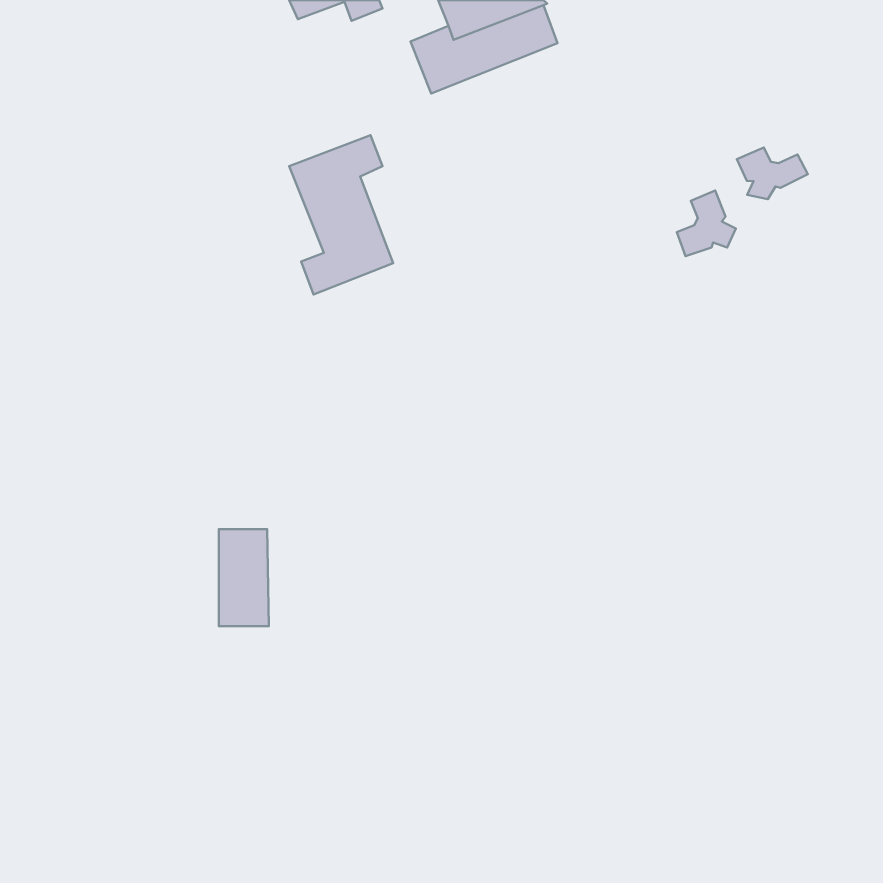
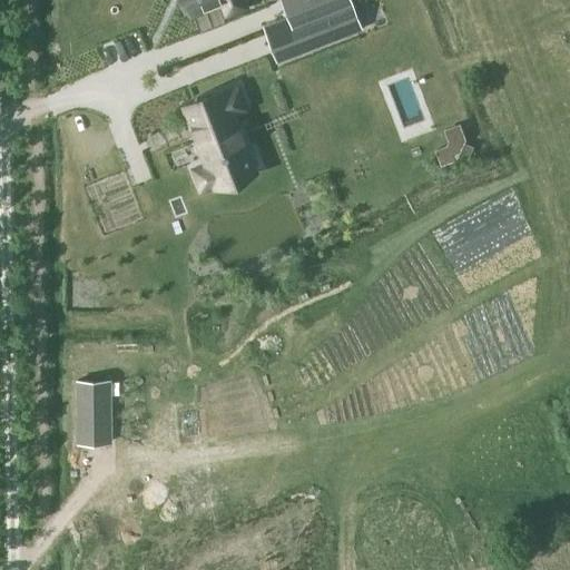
building: [737,147,808,199] -> none
building: [219,529,269,626] -> [78,381,110,443]

